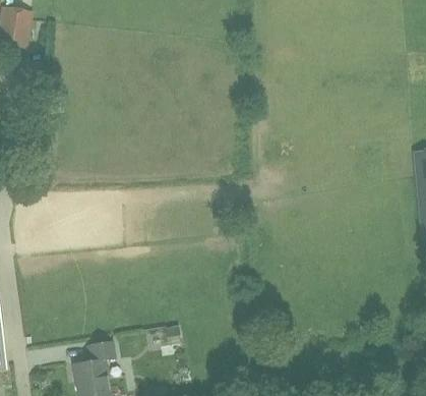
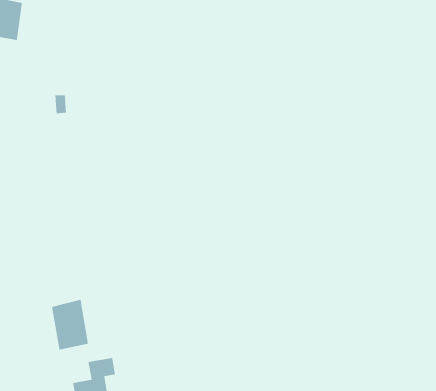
building: none -> [51,299,89,350]

